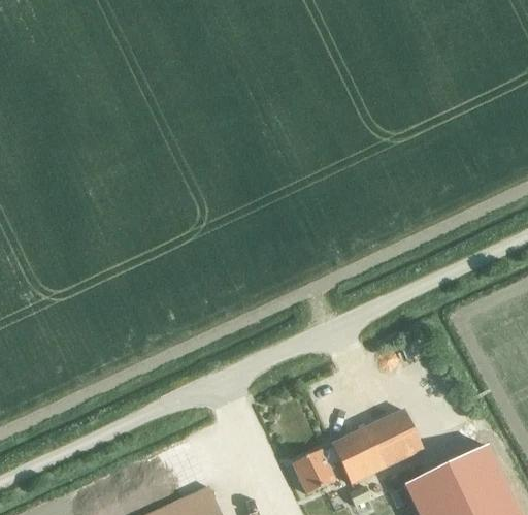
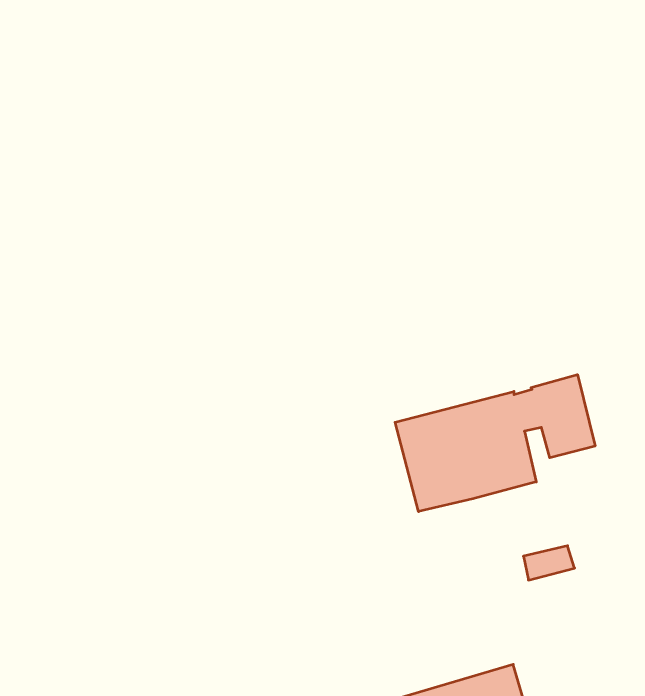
building: none -> [395,375,595,512]

